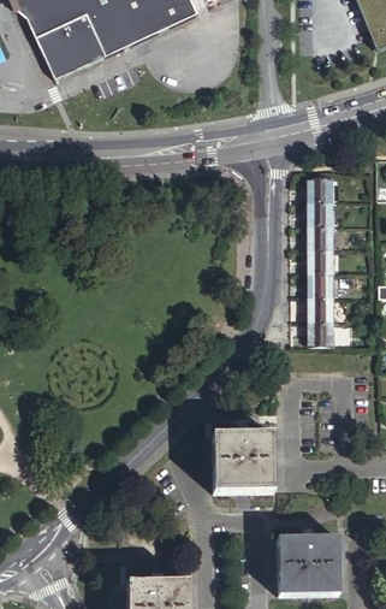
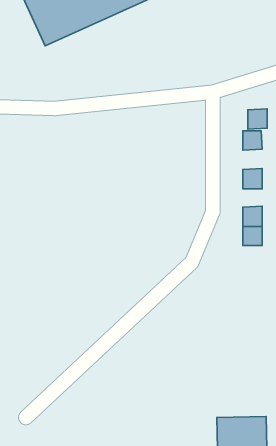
building: [308,202,332,227] -> [248,109,267,129]
building: [308,252,332,274] -> none
building: [308,323,332,347] -> none
building: [210,433,273,493] -> none

